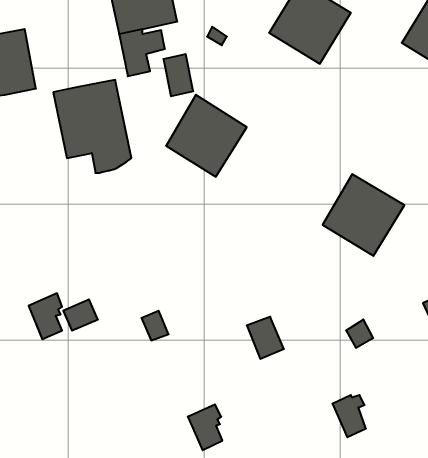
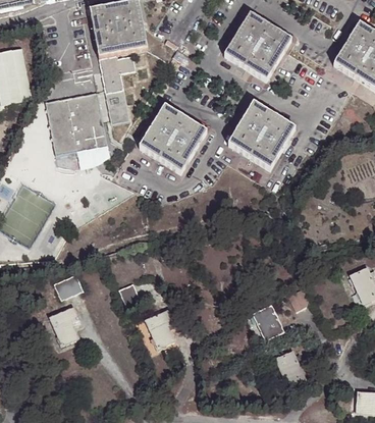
building: [163,54,193,96] -> [107,86,131,120]
building: [323,174,404,256] -> [228,101,296,168]
building: [29,293,62,339] -> [48,308,75,346]
building: [247,317,284,359] -> [253,306,283,340]
building: [188,404,222,450] -> [144,311,172,349]

